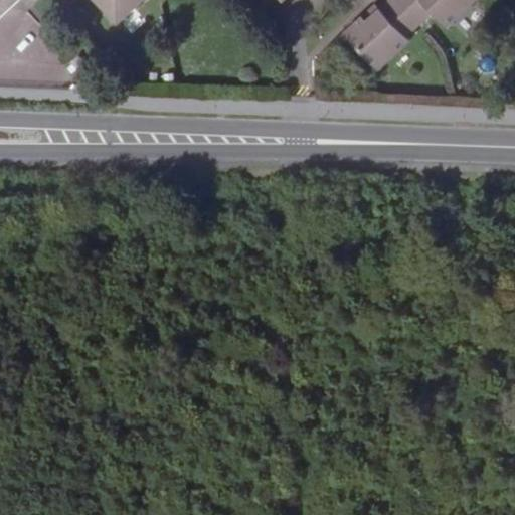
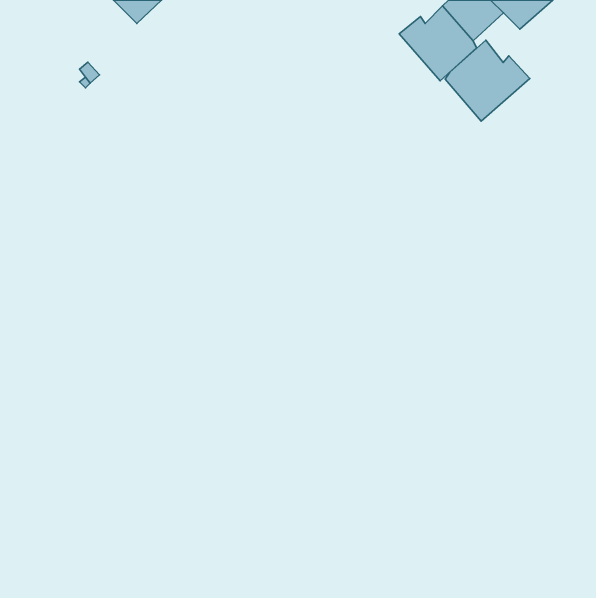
building: none -> [445,40,530,121]

